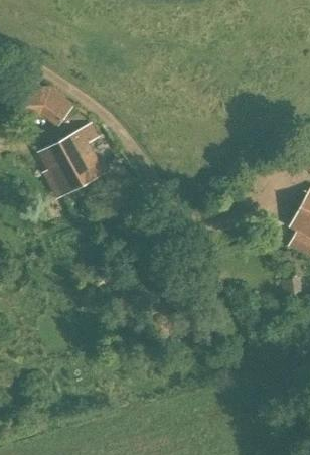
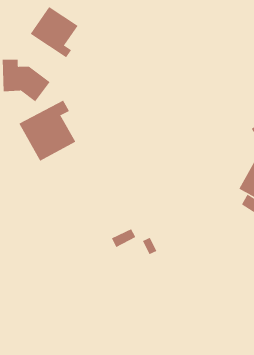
building: none -> [30,6,79,58]

